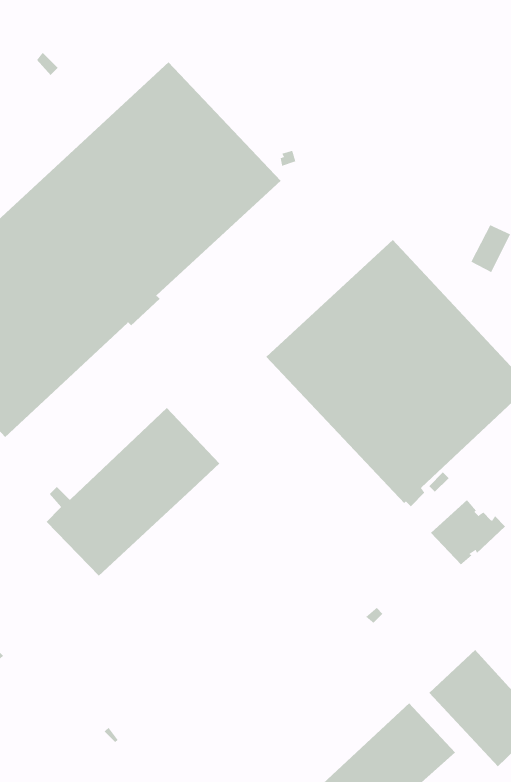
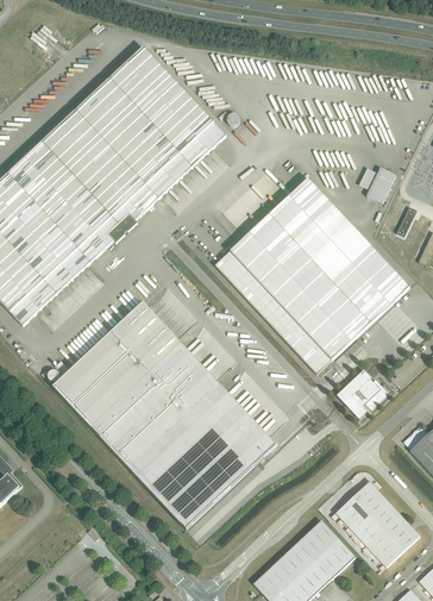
building: none -> [93,344,276,528]

